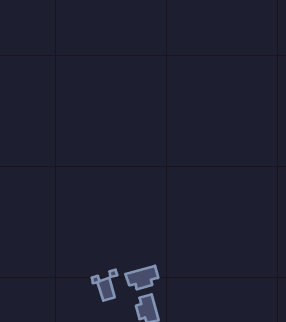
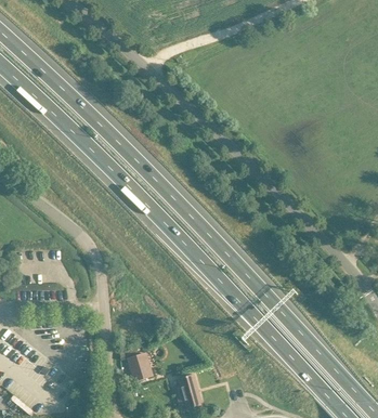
building: [125,266,158,289] -> none

